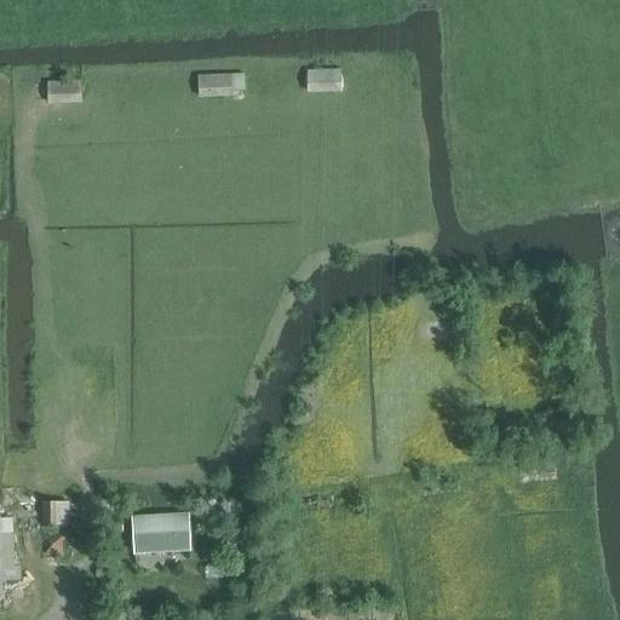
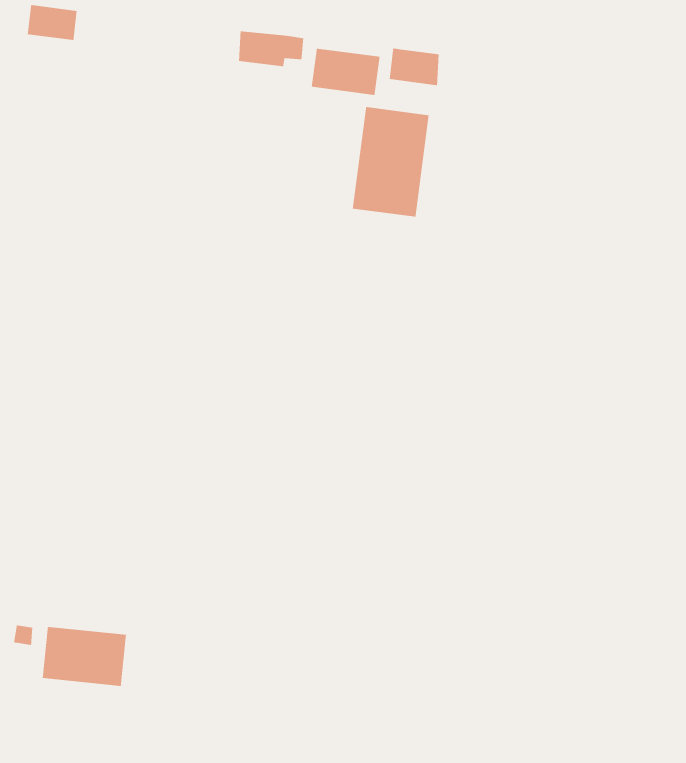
building: none -> [311,48,380,96]
building: none -> [352,106,430,218]

